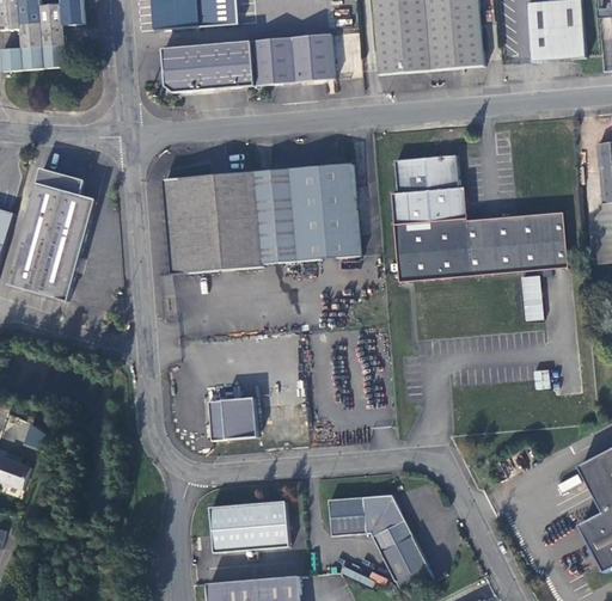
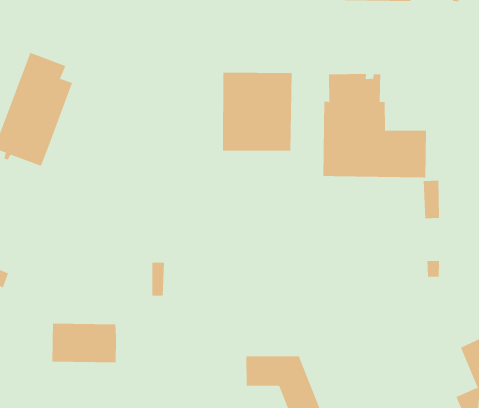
building: [164,170,277,274] -> none
building: [515,211,568,271] -> none
building: [222,397,257,439] -> none
building: [209,501,289,552] -> [52,323,117,363]

